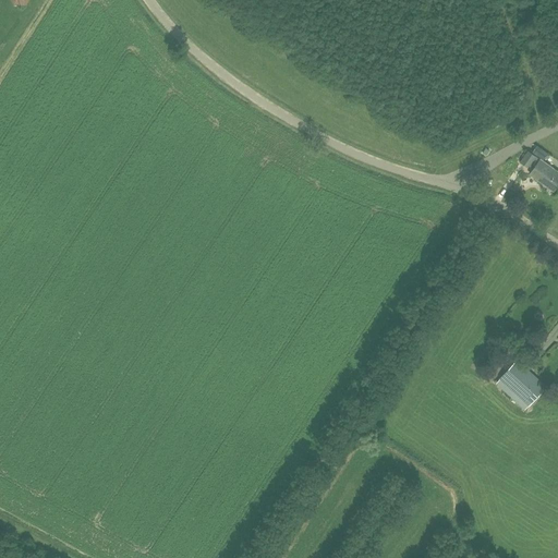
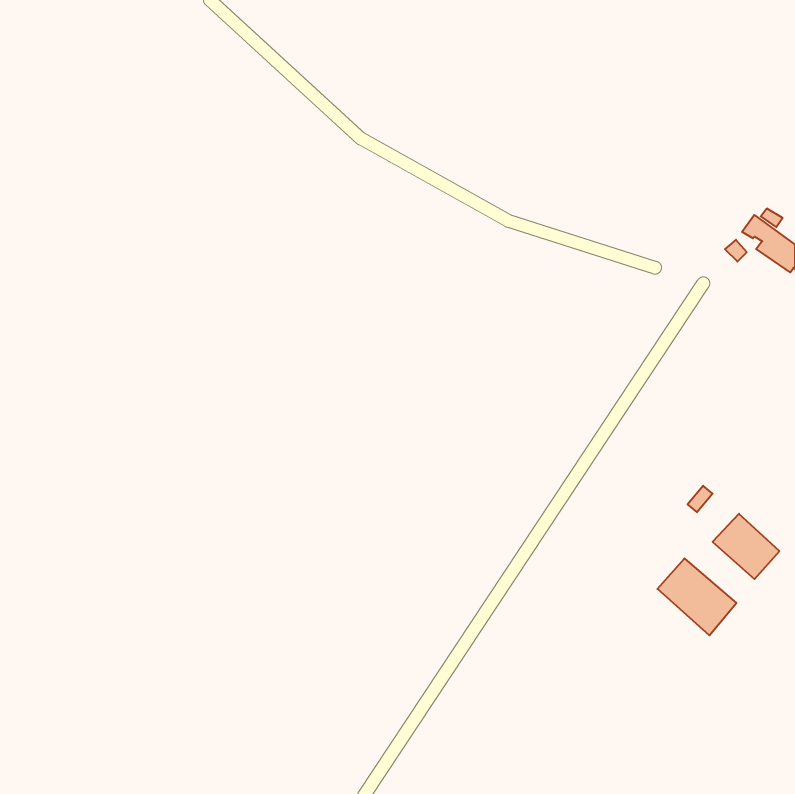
building: none -> [657,558,736,635]

